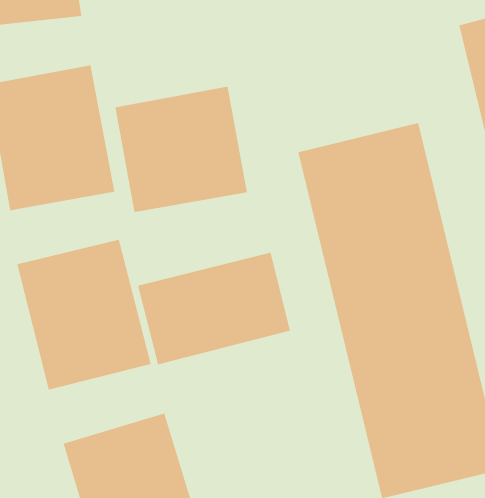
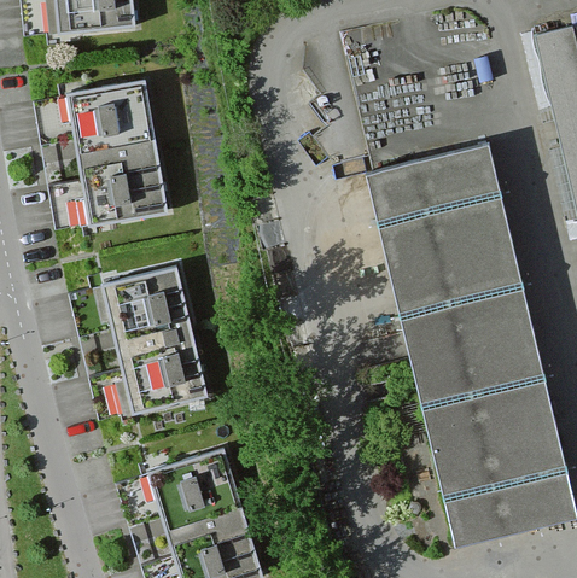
building: [115,86,247,213] -> none
building: [138,252,291,365] -> none

